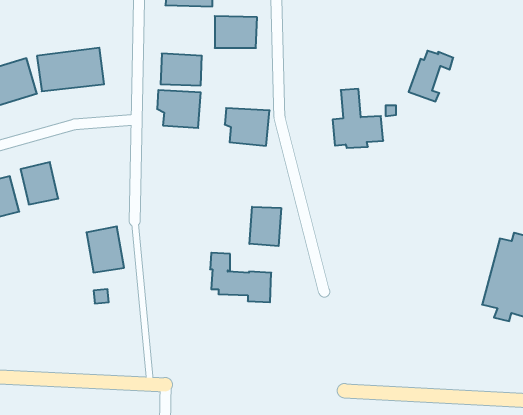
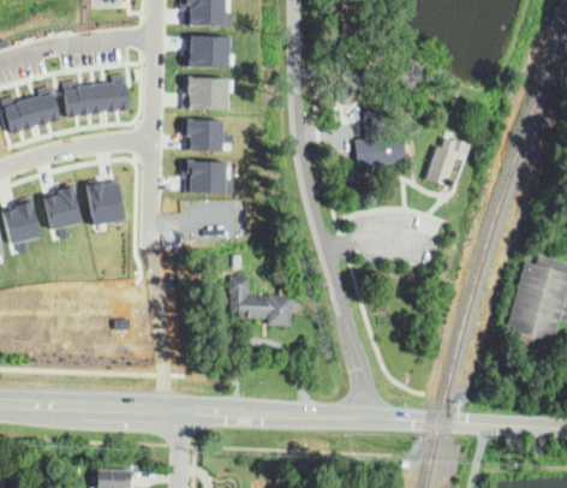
building: [215,16,257,48] -> [184,34,227,66]
building: [409,51,453,101] -> [429,141,475,192]
building: [225,108,270,146] -> [181,154,227,192]
building: [249,207,281,246] -> none
building: [86,226,124,272] -> [84,177,123,224]

